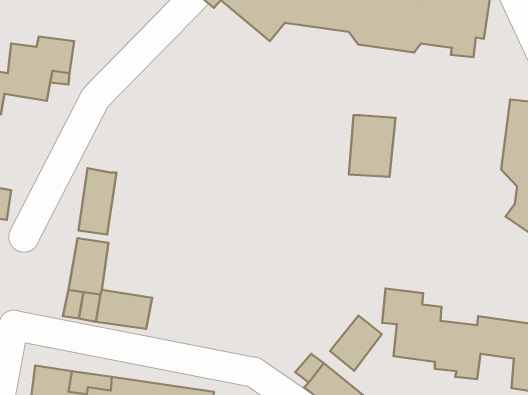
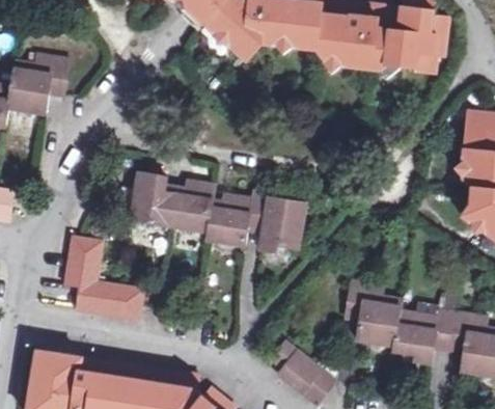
building: [349,115,396,177] -> none
building: none -> [134,173,308,257]
building: [78,168,116,235] -> none
building: [330,315,382,371] -> none

